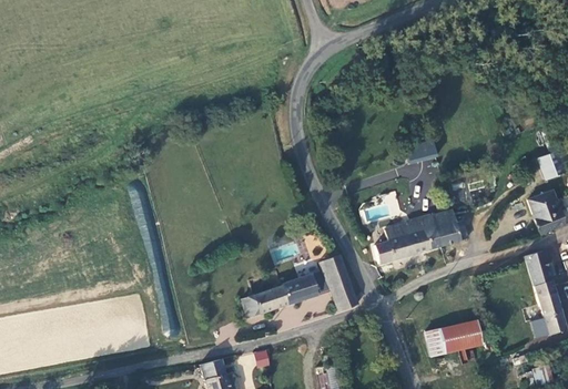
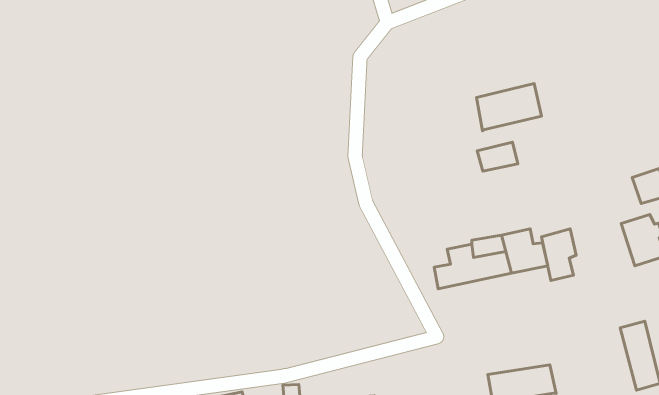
building: none -> [476,83,542,131]
building: none -> [542,229,576,281]
building: [524,250,551,286] -> none
building: [241,254,357,317] -> none

